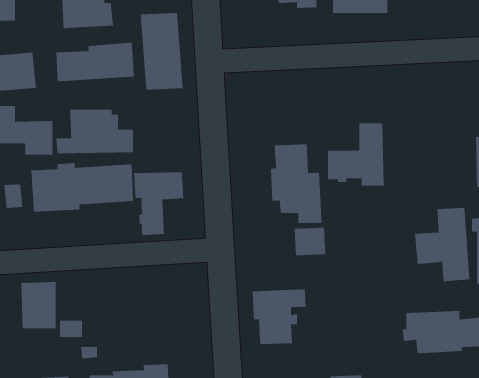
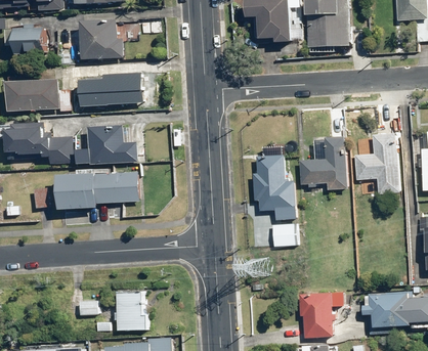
building: [140,12,183,90] -> none
building: [134,171,184,236] -> none
building: [414,207,470,282] -> [353,133,399,194]
building: [21,282,57,329] -> [116,291,145,330]
building: [252,289,307,345] -> [298,291,343,337]

